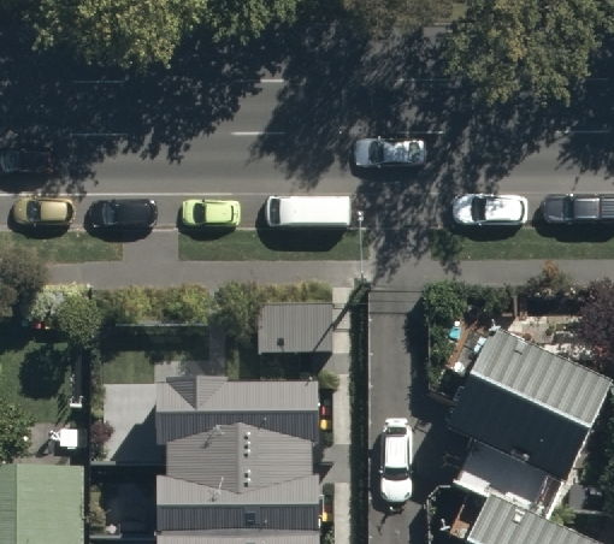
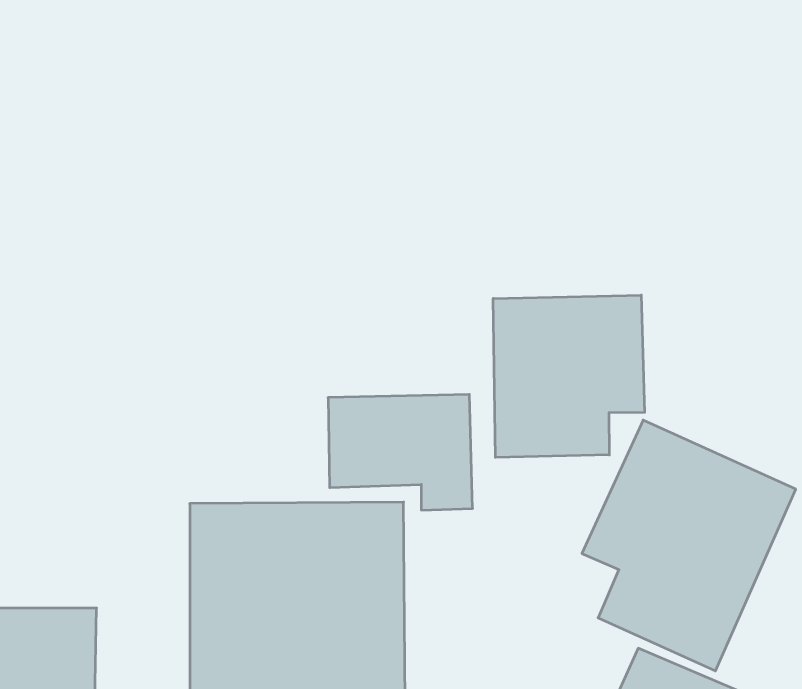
building: none -> [493,295,645,457]

